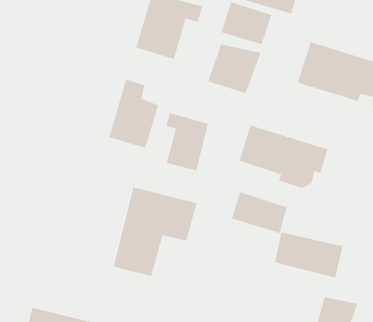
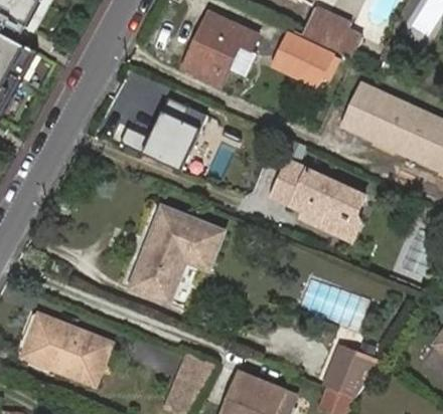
building: [208,43,261,94] -> none
building: [166,112,208,171] -> none
building: [231,191,288,234] -> none

